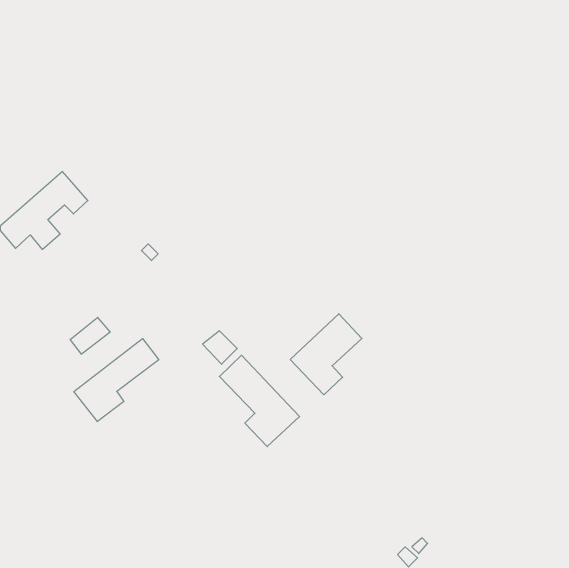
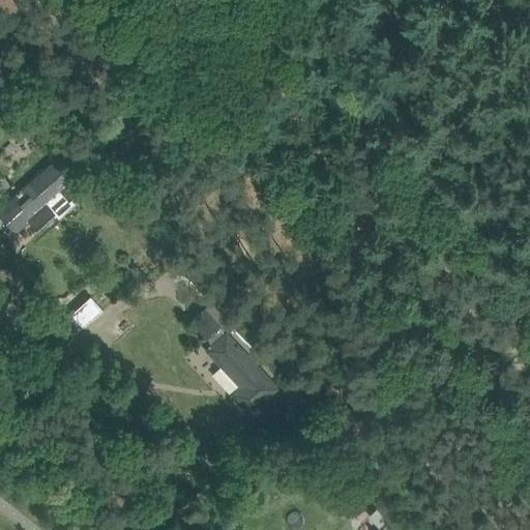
building: [290,314,362,395] -> none
building: [74,339,159,422] -> none

